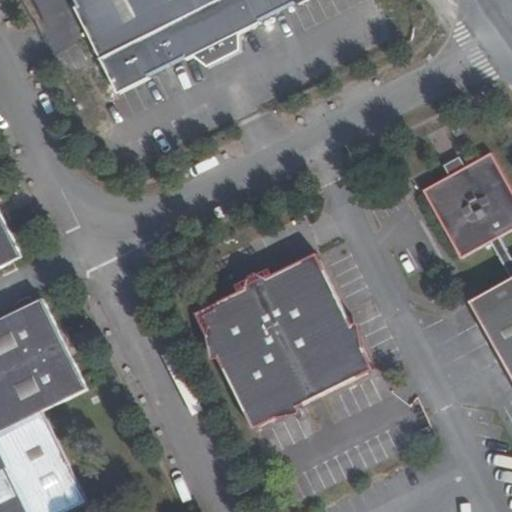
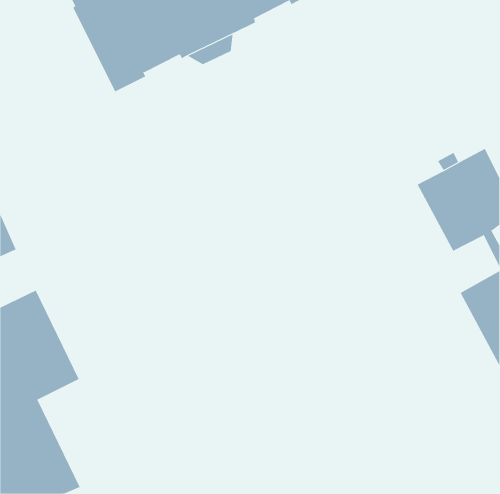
building: [200,252,374,427] -> none

